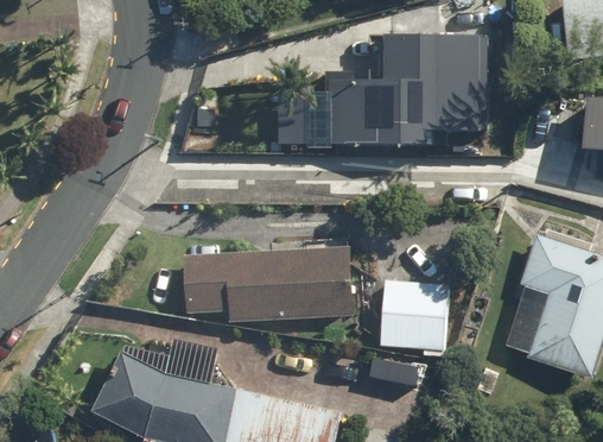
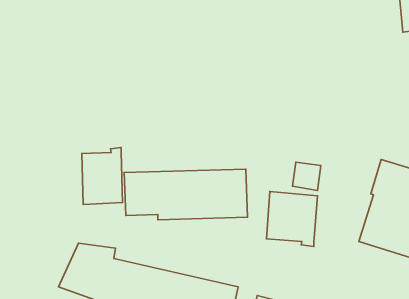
building: [283,31,491,147] -> none
building: none -> [82,148,123,205]

